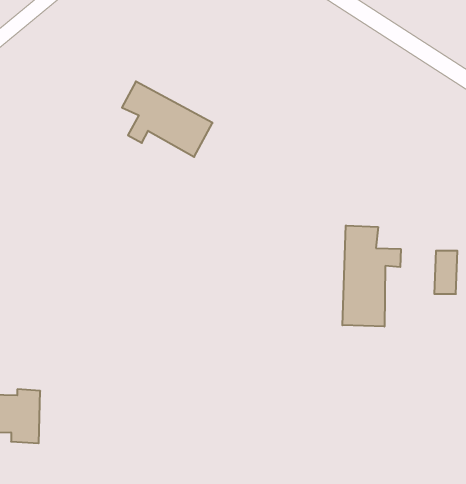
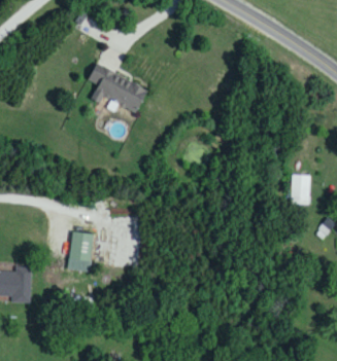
building: [342,225,401,327] -> none
building: none -> [70,232,93,260]

